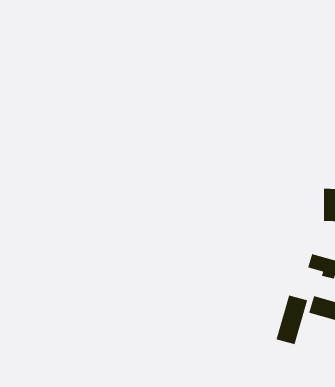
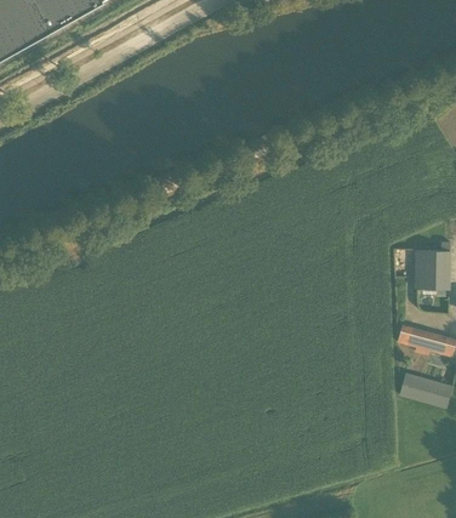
building: [276,295,308,345] -> none

